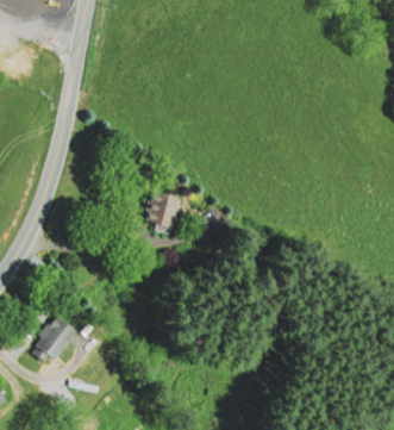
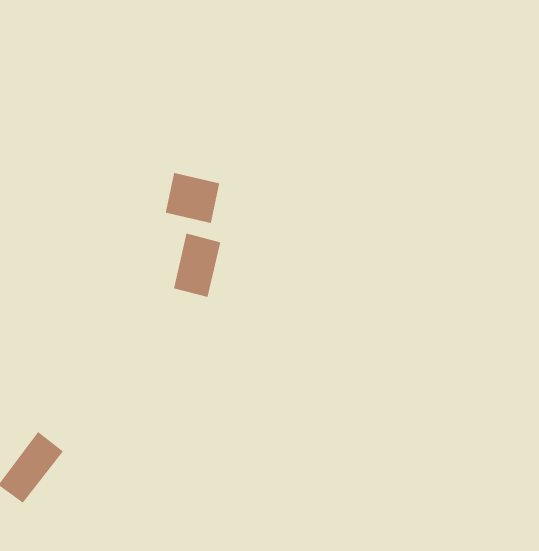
building: none -> [165,172,220,224]

